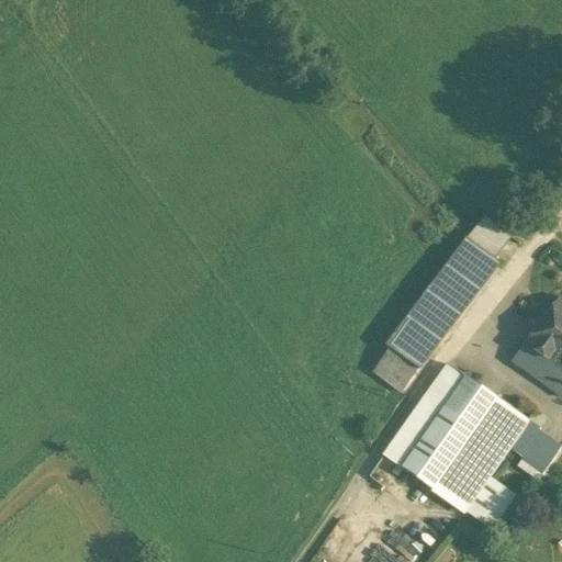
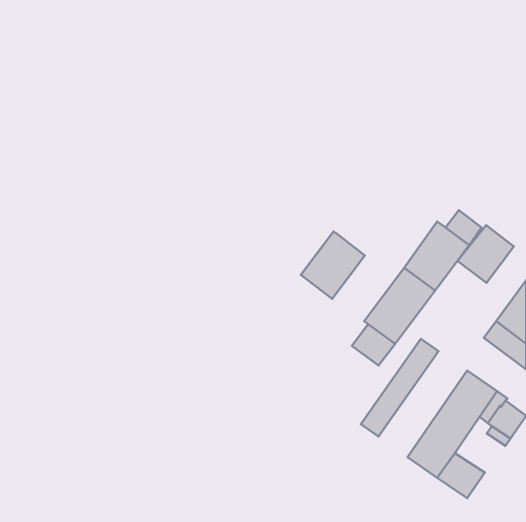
building: none -> [457,225,514,283]
building: none -> [301,231,365,299]
building: [403,374,497,487] -> none

